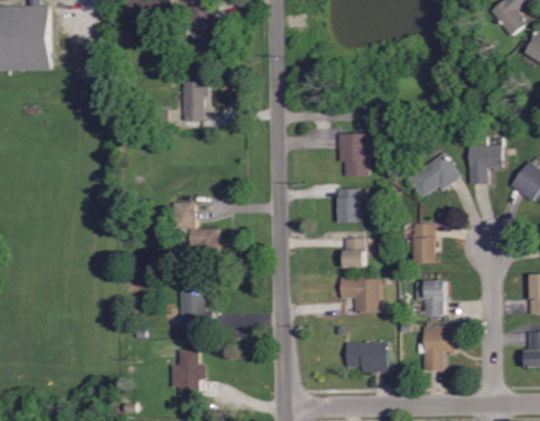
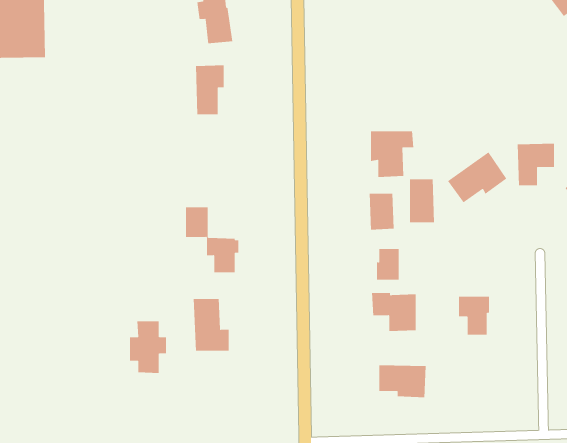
building: [413,224,436,263] -> [409,179,435,223]
building: [417,327,454,371] -> none
building: [172,350,205,397] -> [129,321,167,374]

